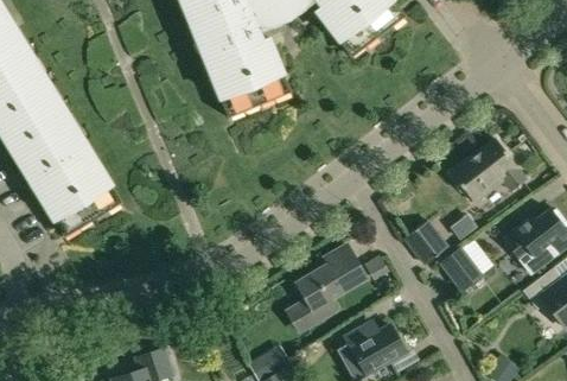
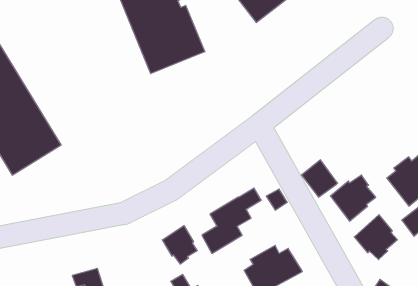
building: [450,139,525,203] -> none
building: none -> [354,215,397,260]
building: none -> [162,226,197,264]

